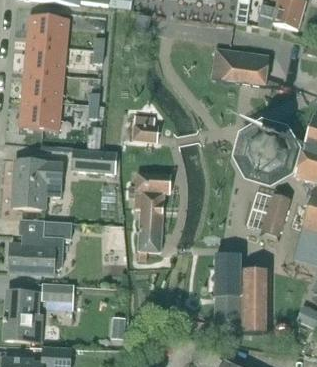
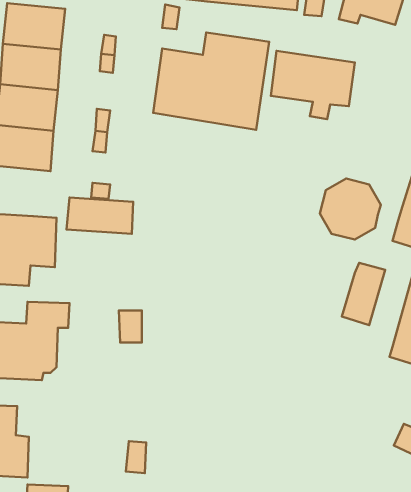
building: none -> [153,33,269,130]
building: [132,113,158,140] -> none
building: [134,171,171,258] -> none
building: [213,253,270,332] -> none
building: [42,282,74,308] -> none

